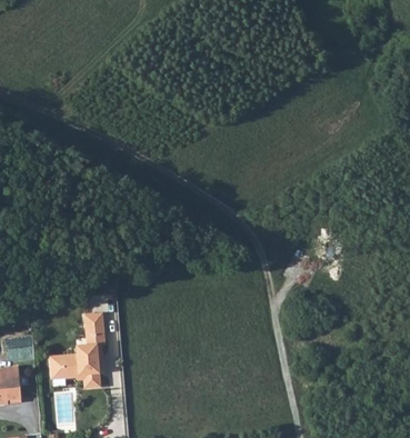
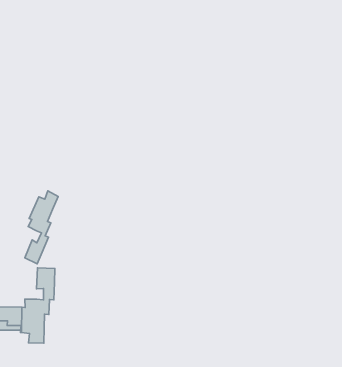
building: none -> [25,191,58,264]

